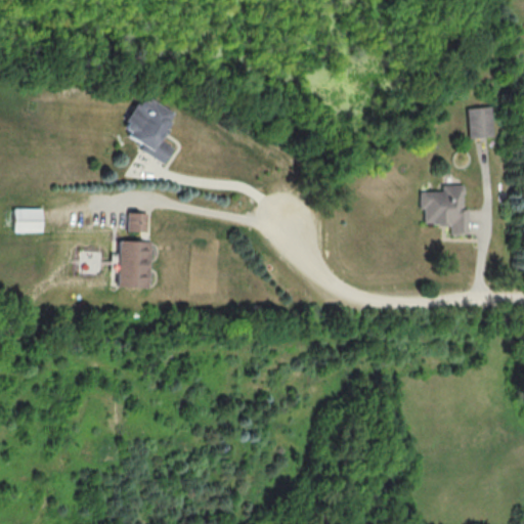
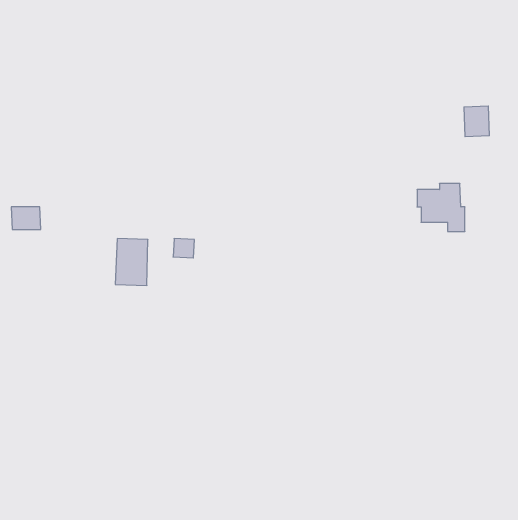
building: [124,96,176,164] -> none
building: [128,213,149,232] -> [173,239,194,258]

